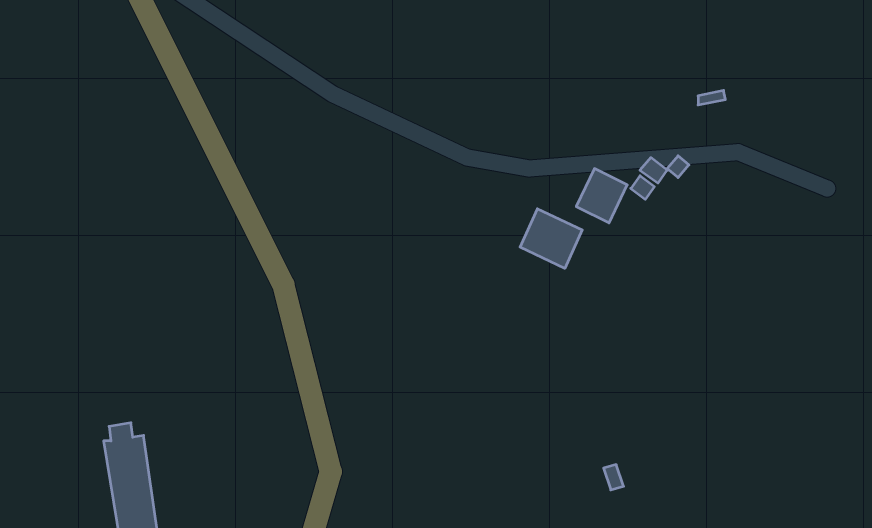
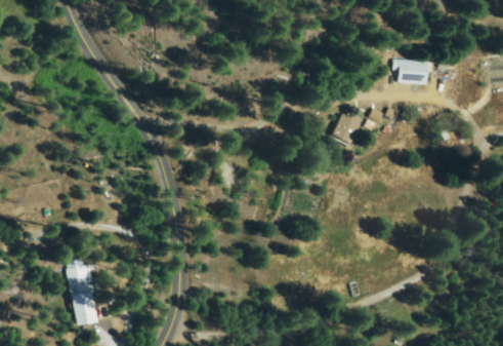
building: [520,209,582,268] -> none

